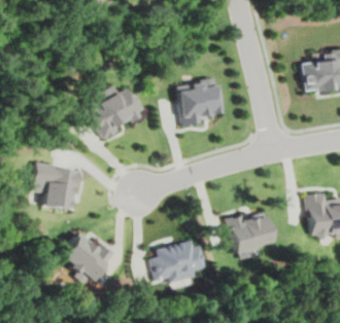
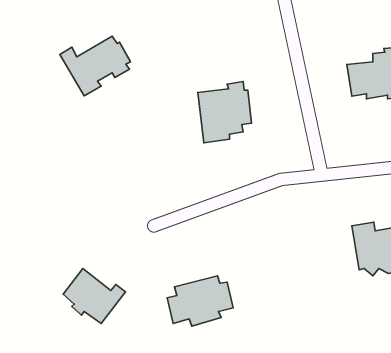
building: [83,87,143,138] -> [60,36,131,96]
building: [35,160,81,209] -> none
building: [227,213,275,252] -> none

